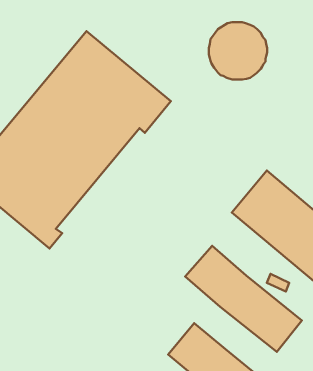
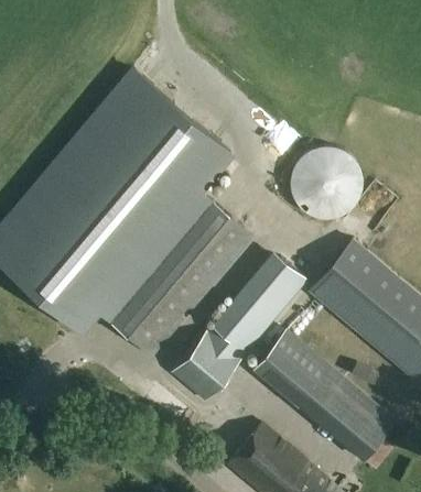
building: [209,22,267,80] -> [290,146,361,217]
building: none -> [93,187,253,358]
building: none -> [170,249,309,402]

